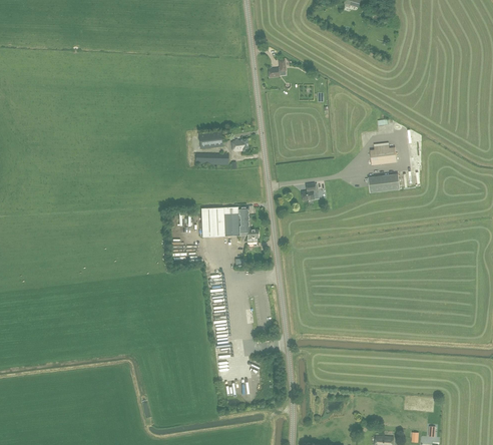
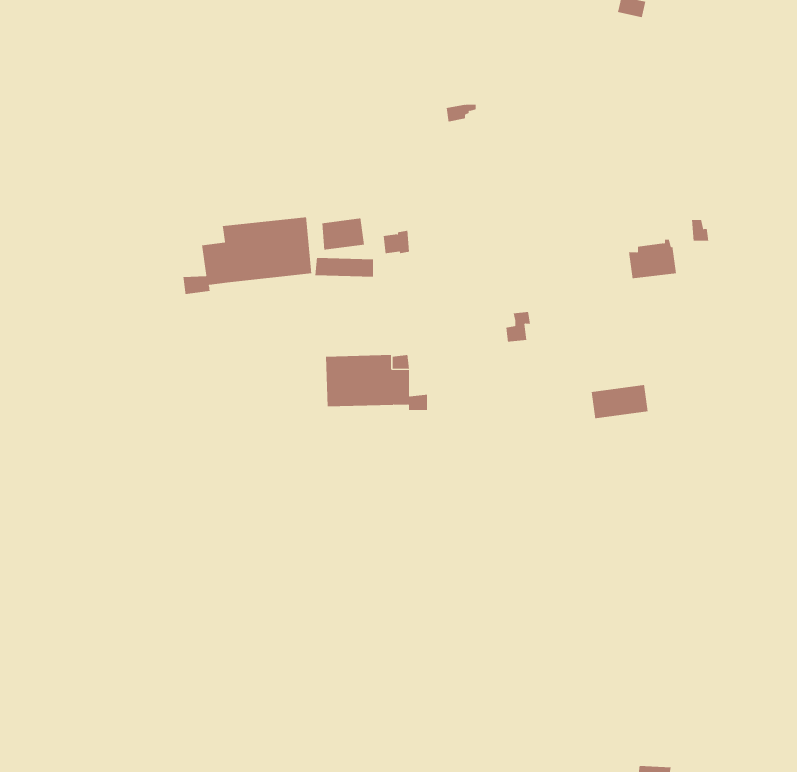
building: none -> [183,216,312,295]
building: [369,173,401,192] -> [591,385,649,419]

